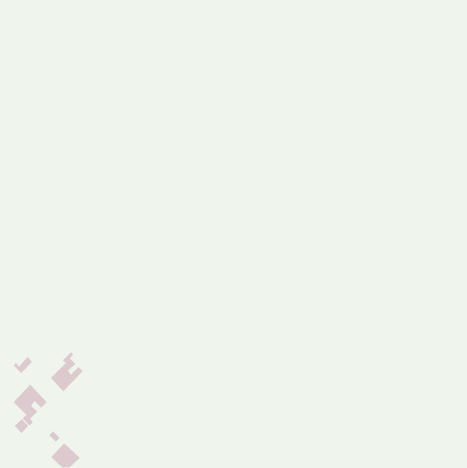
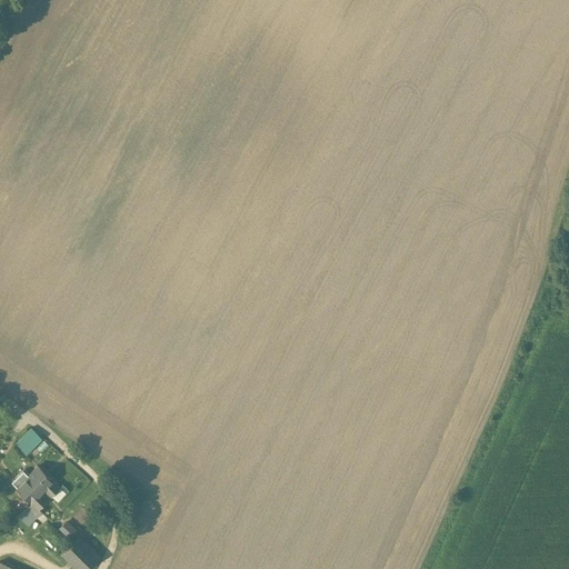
building: [50,351,83,392] -> none

